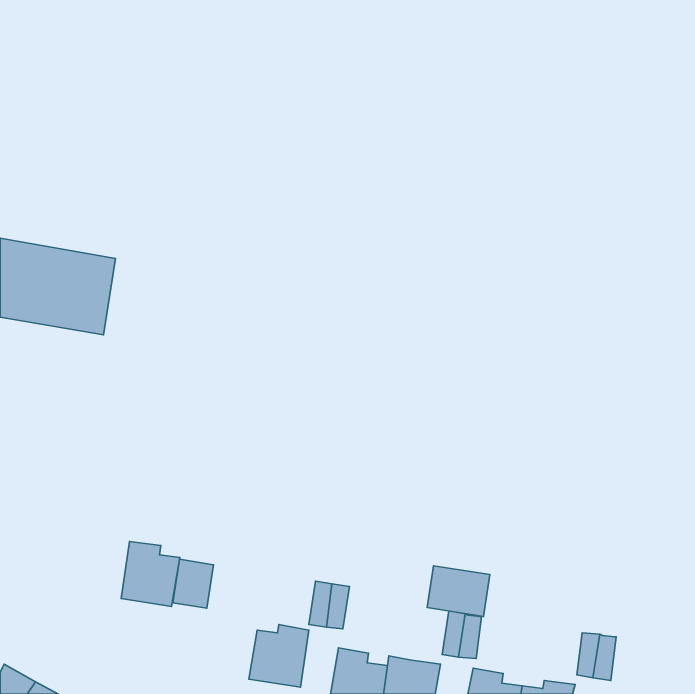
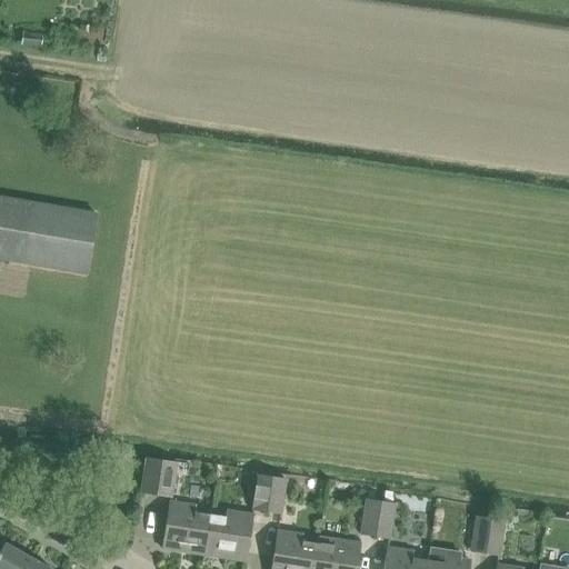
building: [121,541,180,607] -> [162,501,210,555]
building: [427,566,490,616] -> none

